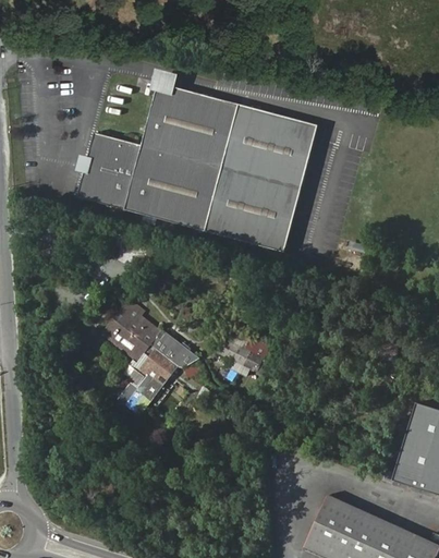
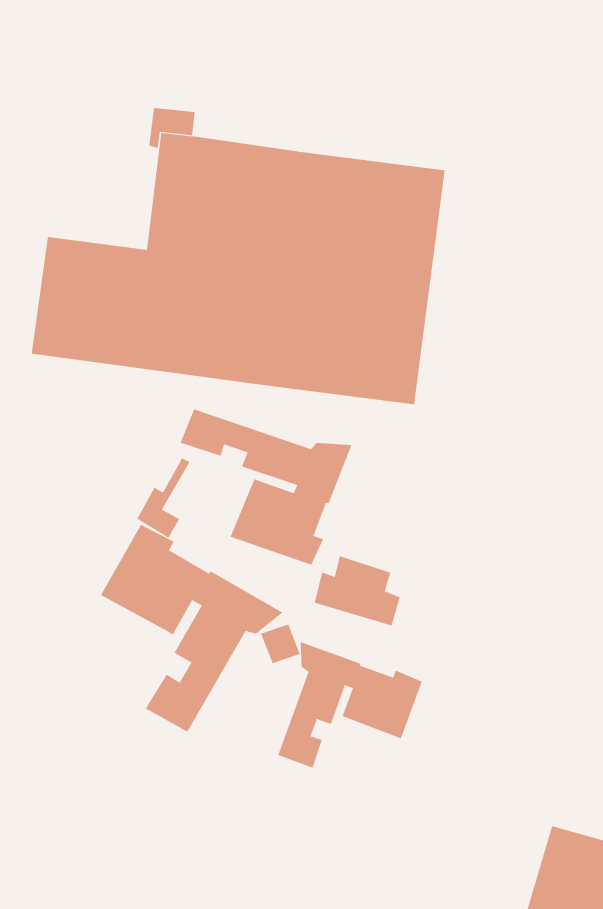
building: none -> [180,408,352,565]
building: [122,344,156,388] -> [136,457,190,539]
building: none -> [278,641,423,769]

